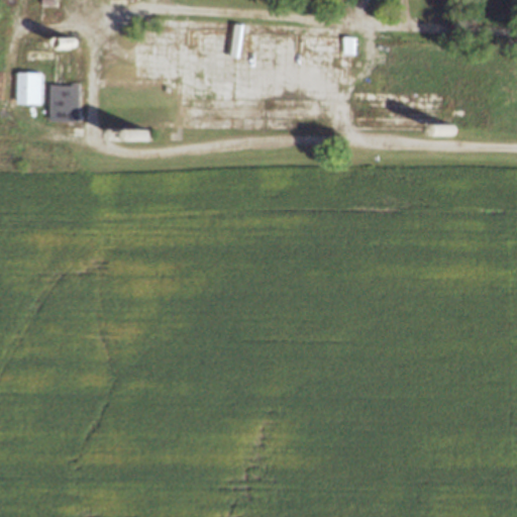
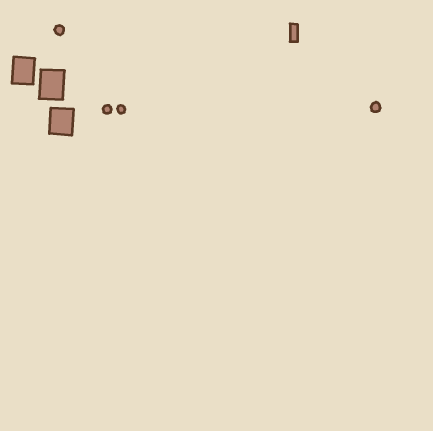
building: none -> [49,108,73,135]

